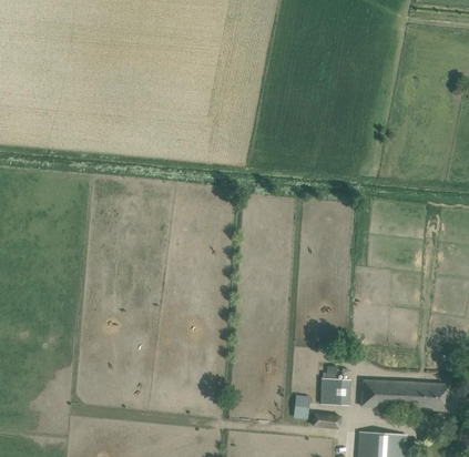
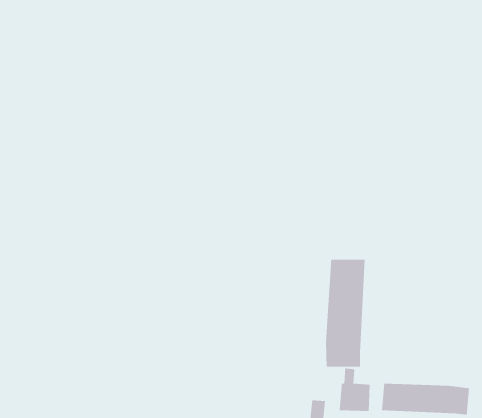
building: none -> [326,259,365,368]

